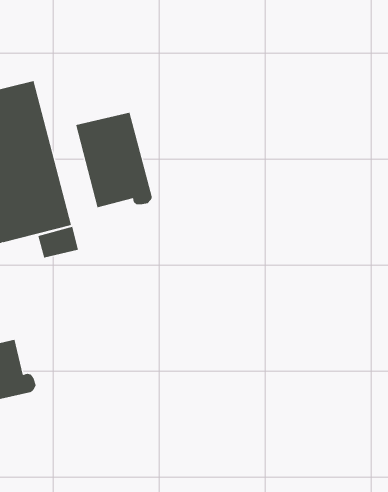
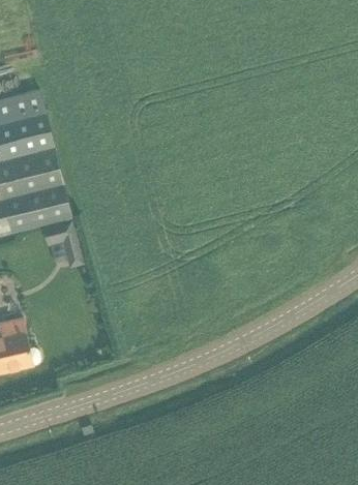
building: [75,112,152,208] -> none

